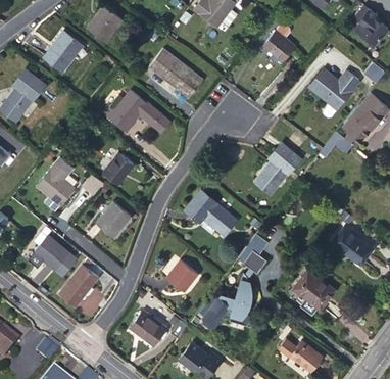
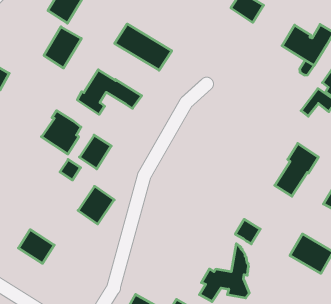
building: [44,32,82,72] -> [44,27,81,68]
building: [254,144,299,194] -> [275,143,318,196]
building: [37,163,76,206] -> [41,111,81,154]
building: [186,191,237,236] -> none
building: [165,258,198,292] -> none
building: [59,265,98,305] -> none

